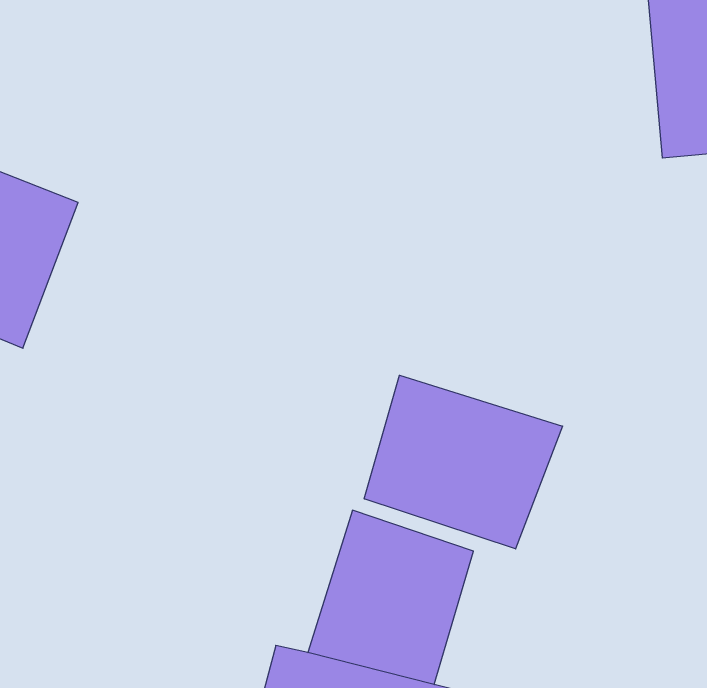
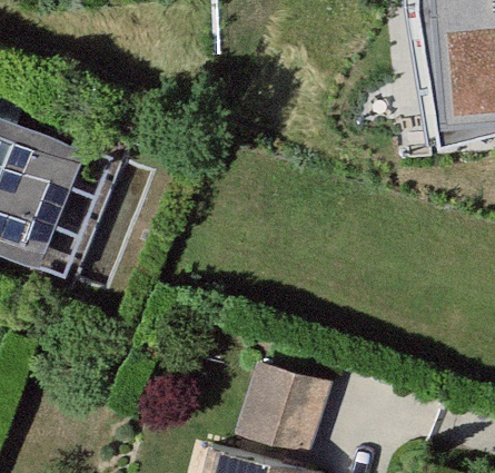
building: [364,375,563,549] -> none

